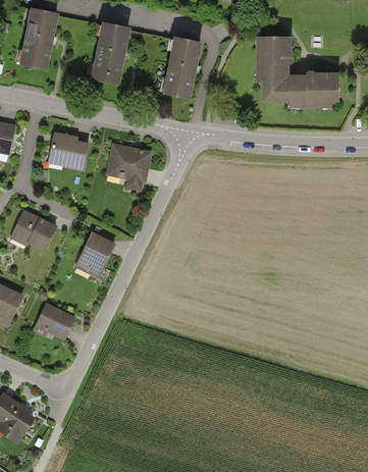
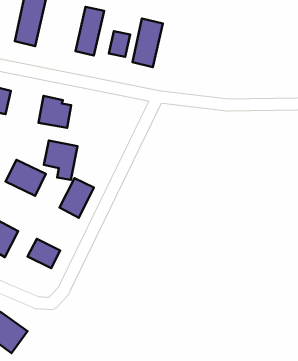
building: [258,38,338,106] -> none
building: none -> [109,31,130,57]
building: [108,143,149,191] -> [44,140,77,180]

